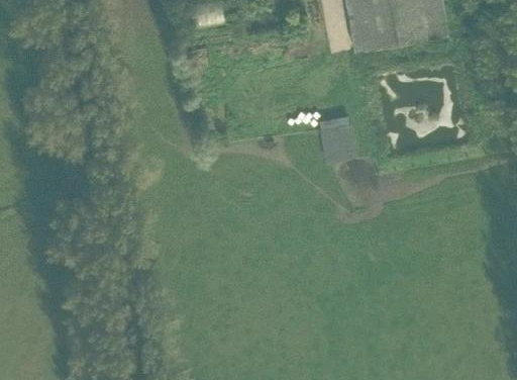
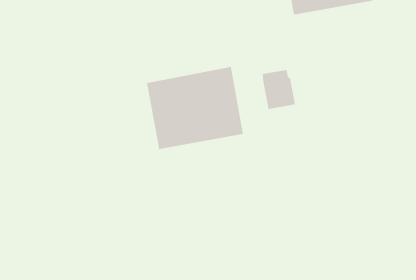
building: none -> [147,66,244,150]

